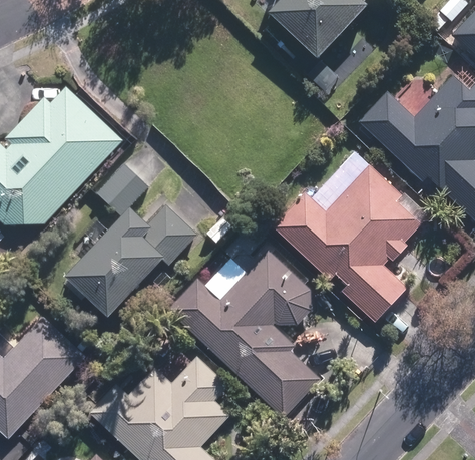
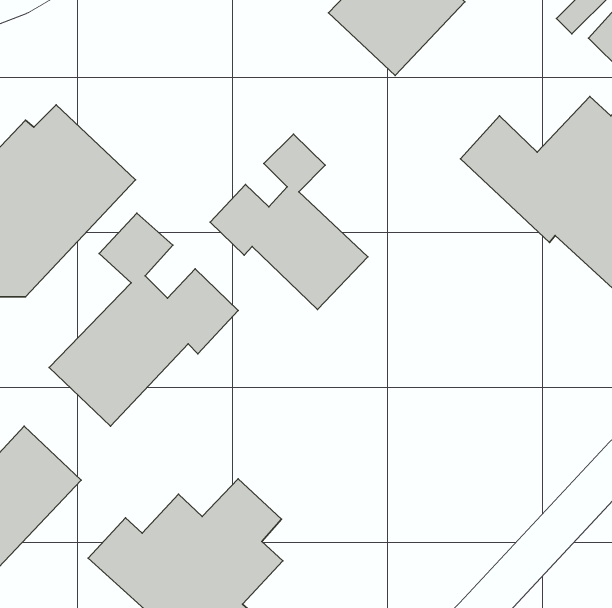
building: none -> [210,134,368,309]
building: [280,166,418,320] -> none
building: [176,248,326,413] -> none

